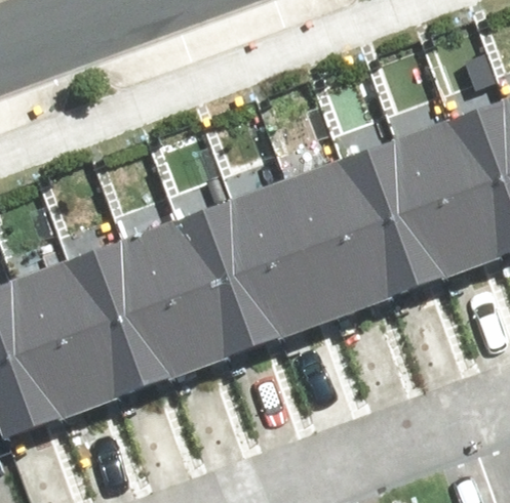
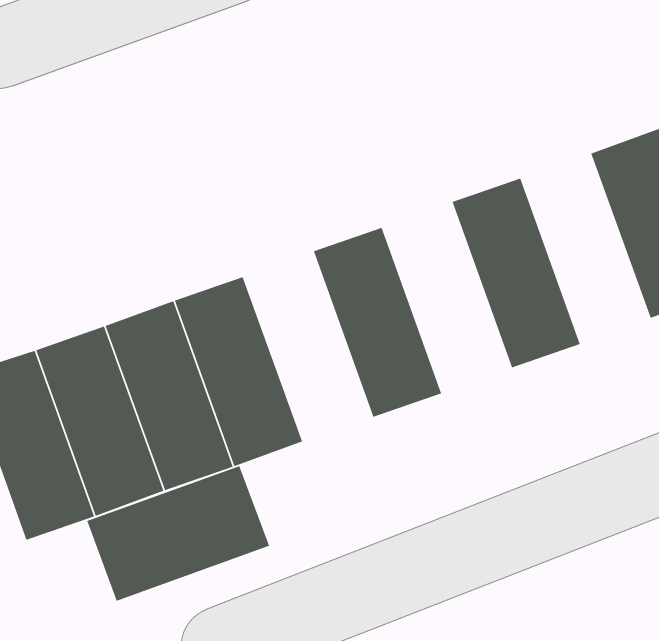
building: [402,126,502,273] -> none
building: [296,163,395,310] -> none
building: [189,201,288,347] -> none
building: none -> [86,465,270,602]

